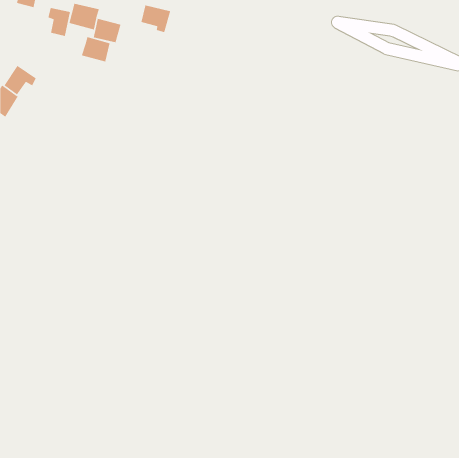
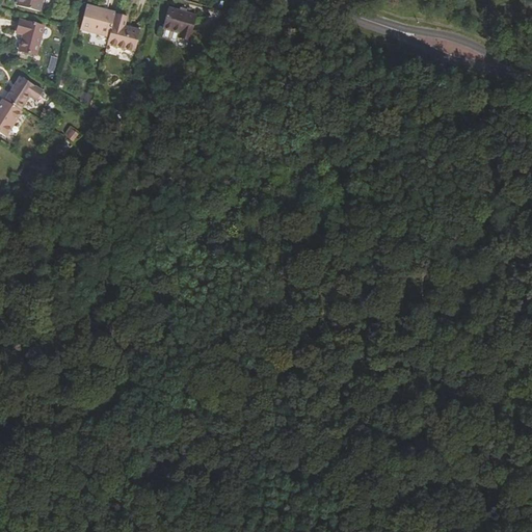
building: [48,7,71,37] -> [16,19,43,53]
building: [81,36,111,62] -> none

